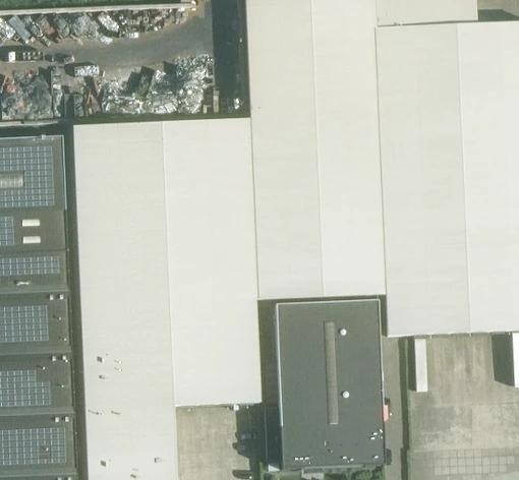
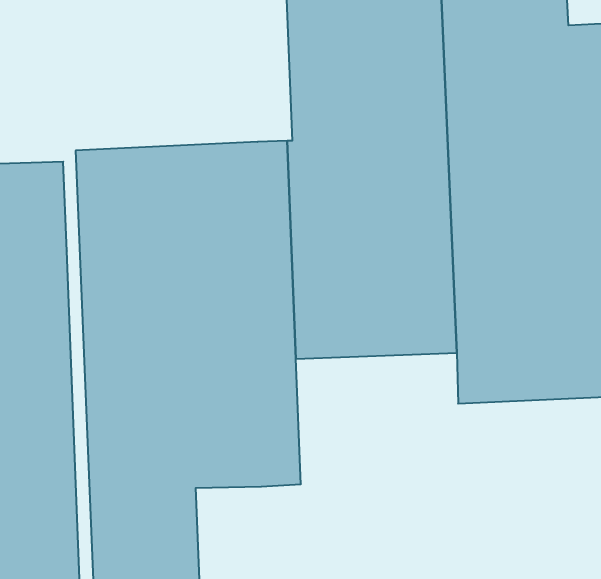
building: [274,300,383,467] -> none

